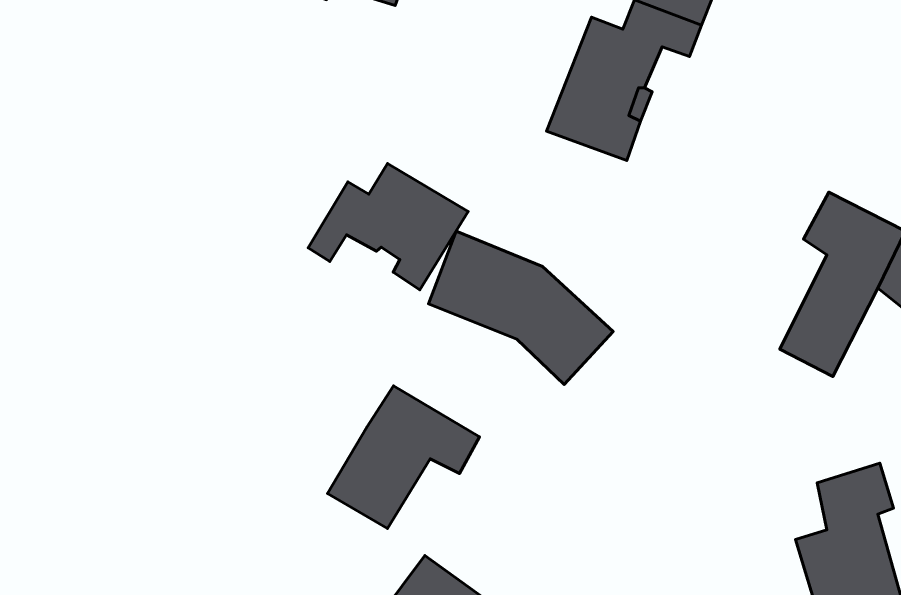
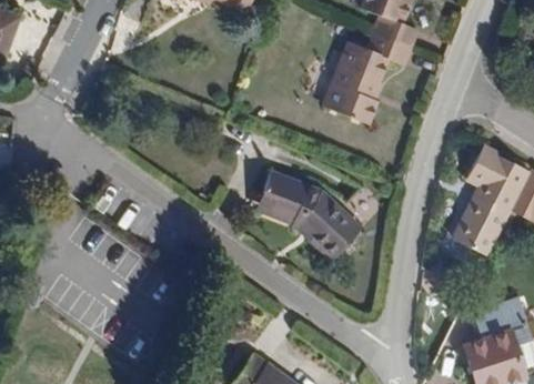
building: [308,164,468,290] -> none
building: [328,386,479,529] -> none

